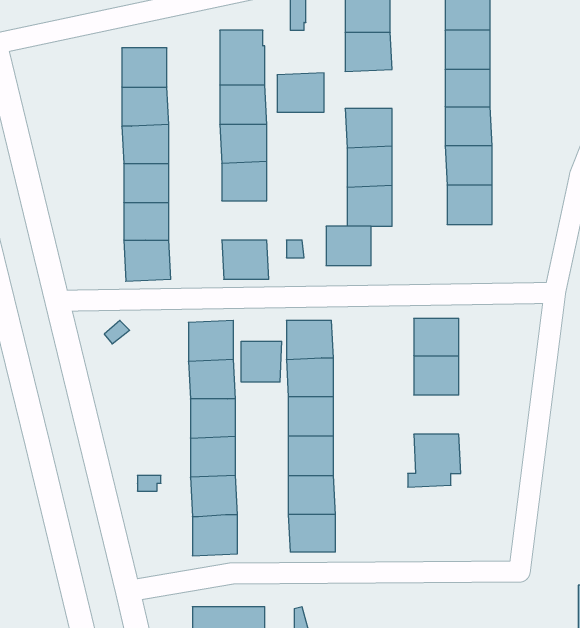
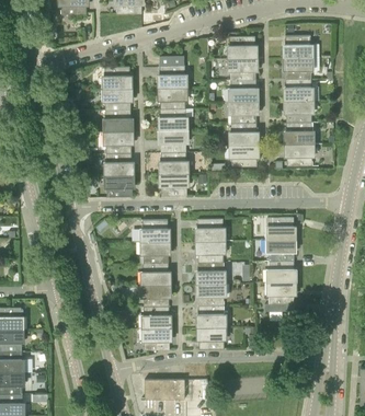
building: [277,73,324,112] -> [230,80,256,102]
building: [326,226,371,266] -> [161,153,186,175]
building: [241,341,282,382] -> none
building: none -> [269,262,294,284]

